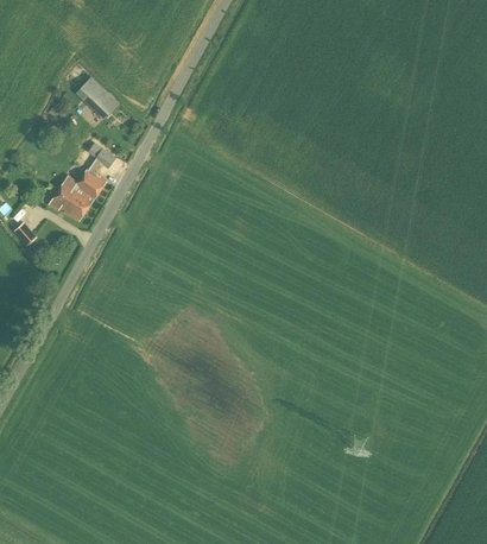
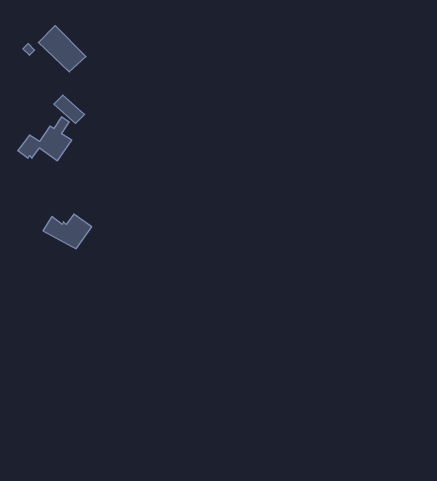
building: [48,189,93,221] -> [43,214,92,249]

